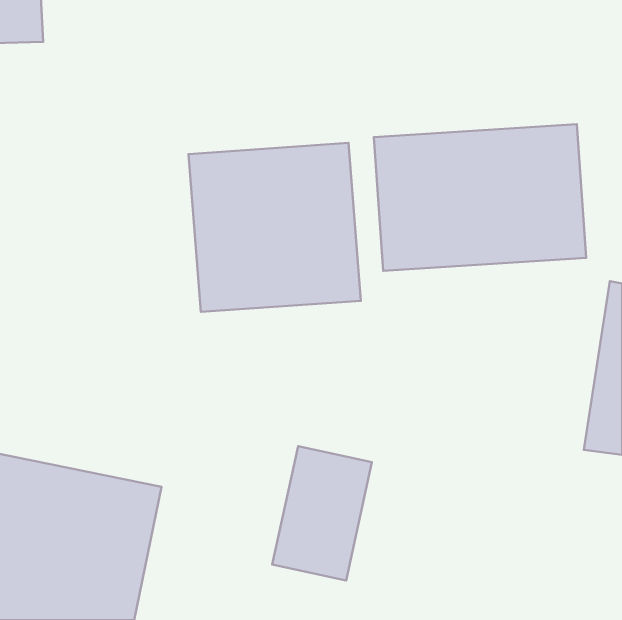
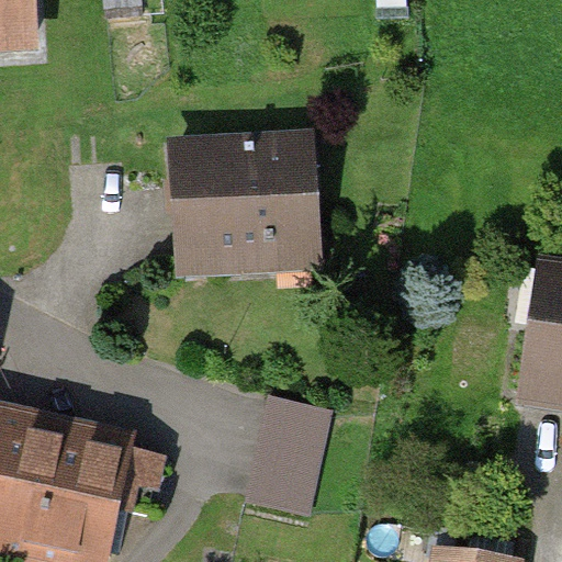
building: [374,124,586,271] -> none

